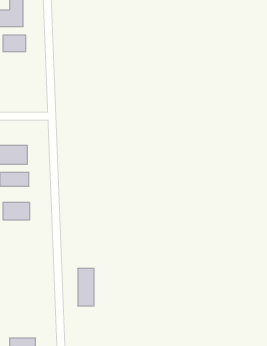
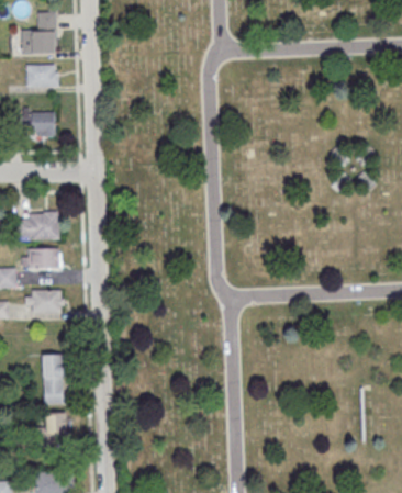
building: none -> [29,112,54,136]
building: [78,268,94,306] -> [42,354,64,404]
building: none -> [35,413,65,456]

